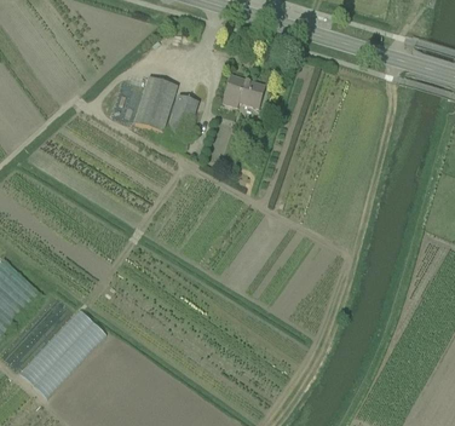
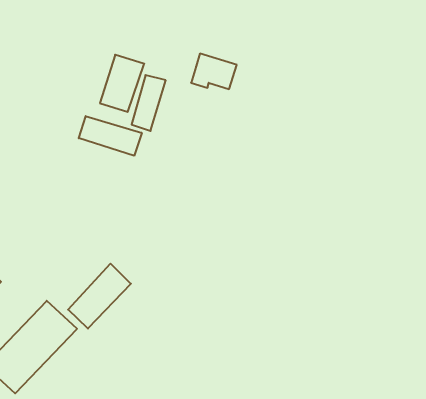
building: none -> [79,116,142,156]
building: none -> [68,264,131,329]

